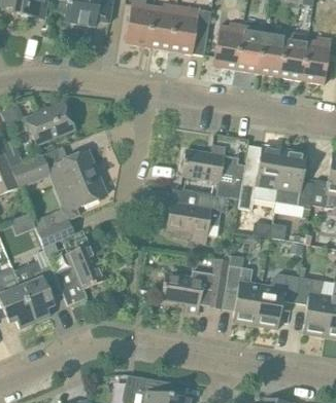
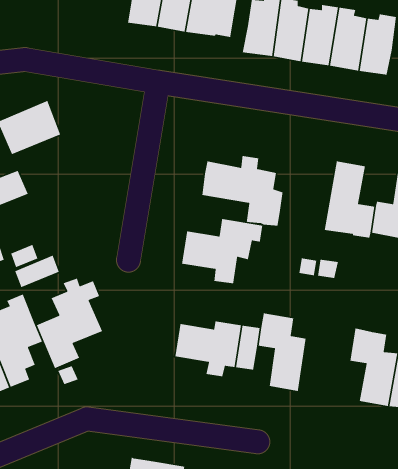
building: [238,145,284,210] -> none
building: [56,150,106,208] -> none
building: [256,272,299,328] -> none

